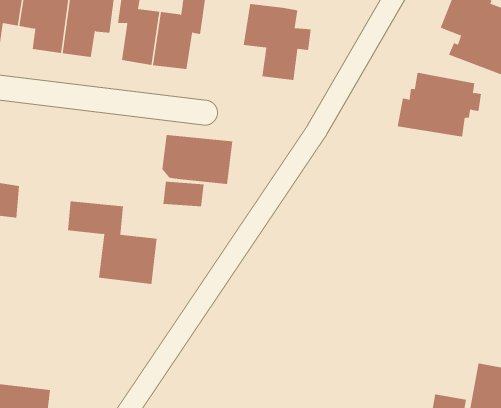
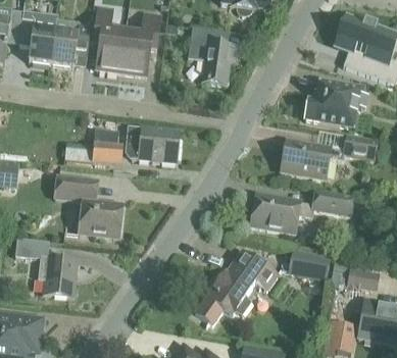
building: none -> [282,137,377,178]
building: [163,181,204,207] -> [92,144,123,163]
building: none -> [251,190,353,234]
building: none -> [15,238,78,297]
building: none -> [196,250,278,323]
building: none -> [290,251,330,278]
building: none -> [346,267,379,291]

